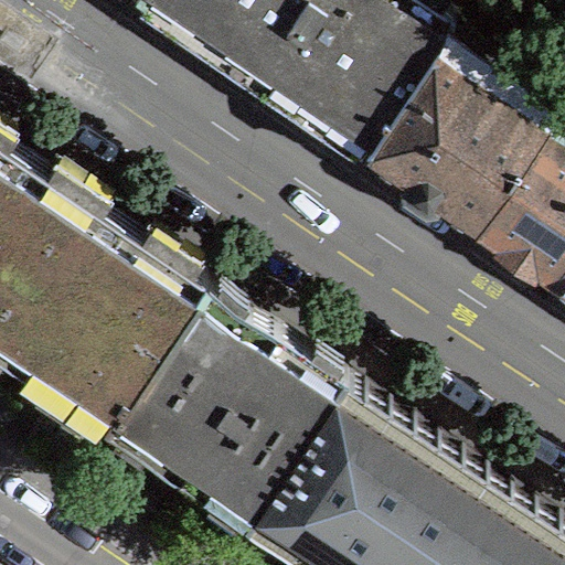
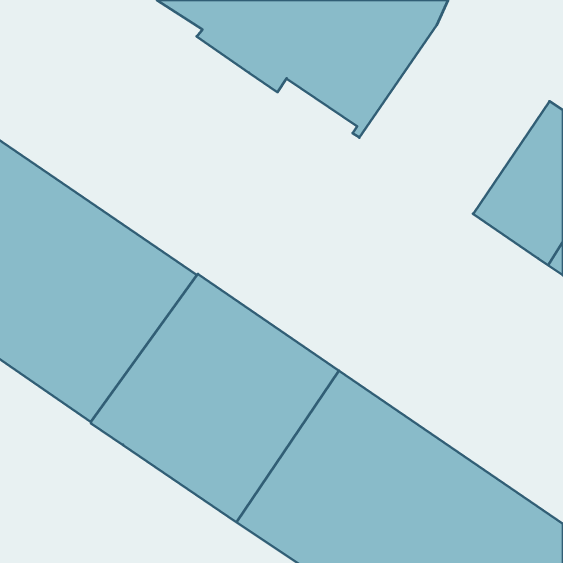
building: [349,42,533,225] -> none

